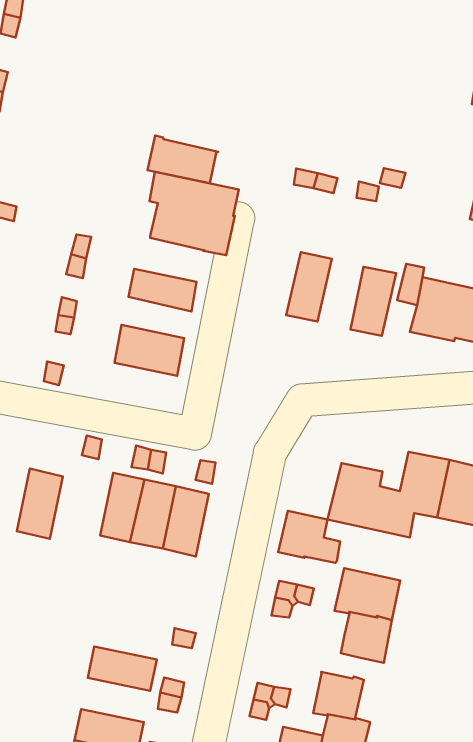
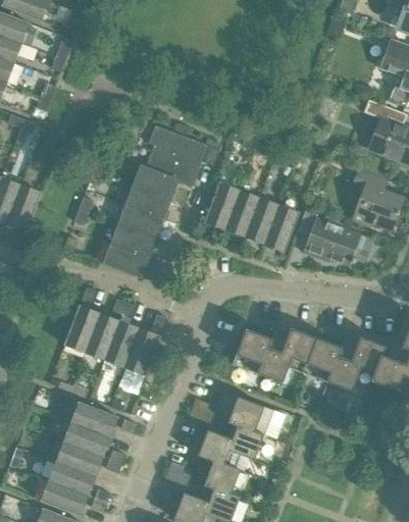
building: [147,136,218,183] -> [132,163,178,199]
building: none -> [204,182,240,228]
building: none -> [244,197,278,244]
building: none -> [118,202,164,233]
building: none -> [102,243,149,277]
building: [17,469,63,539] -> [64,305,99,352]
building: [278,511,340,563] -> [197,429,238,467]
building: none -> [70,401,117,436]
building: none -> [56,441,102,475]

